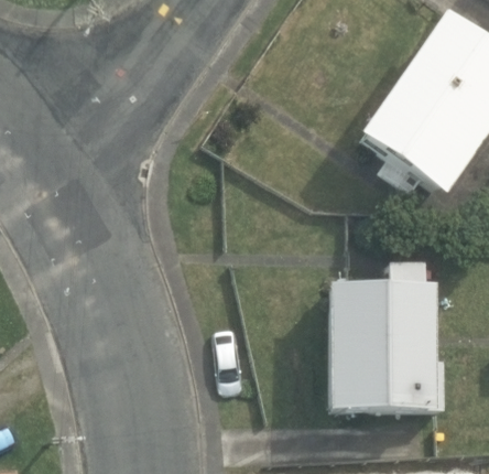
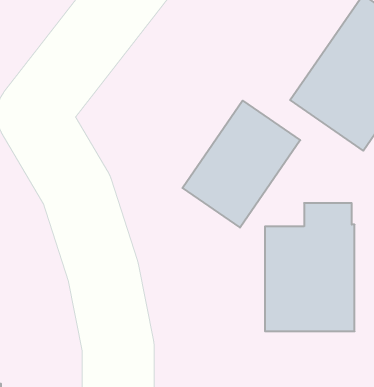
building: none -> [182,101,300,228]

